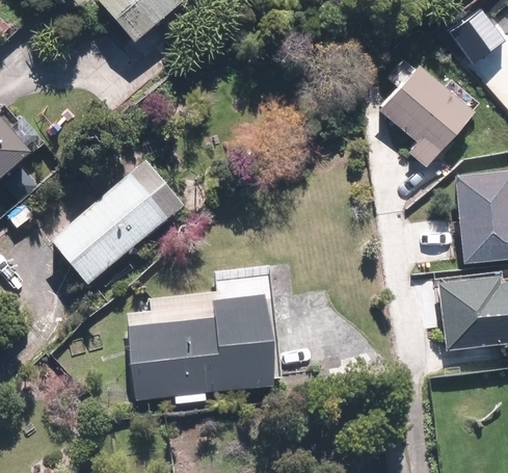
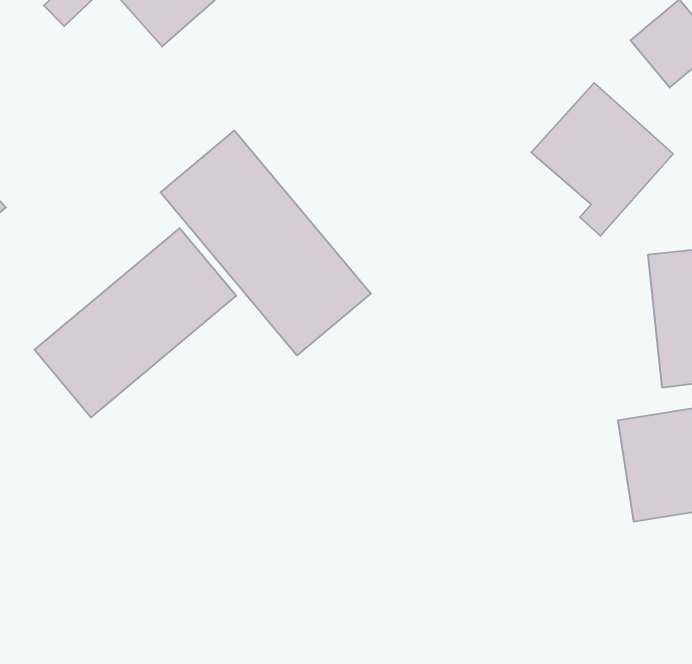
building: none -> [161,131,371,355]
building: [128,292,276,402] -> none

